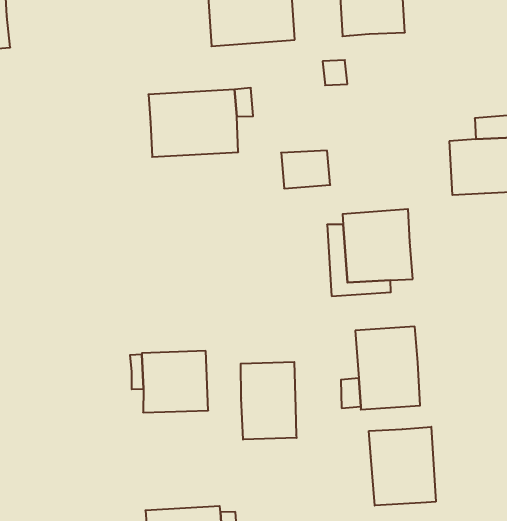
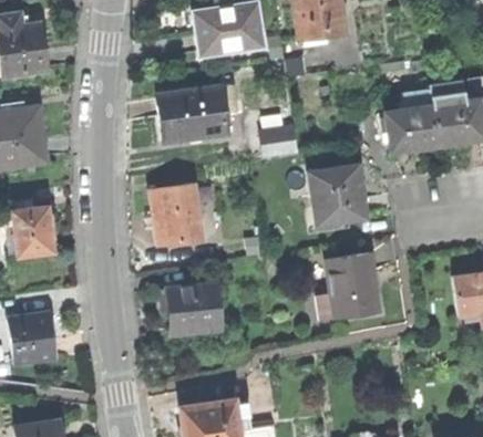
building: none -> [152,184,203,244]
building: [241,362,297,440] -> none
building: [369,427,436,506] -> none

